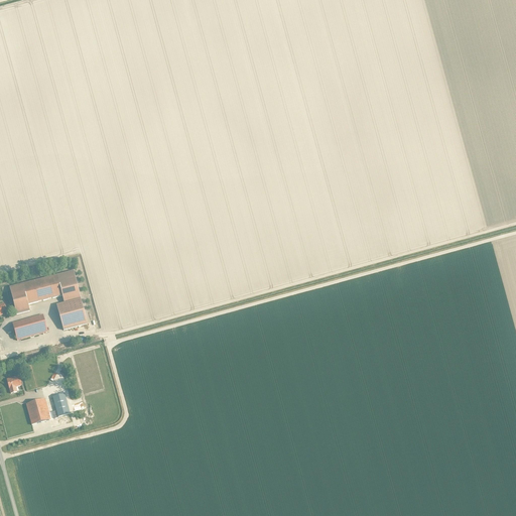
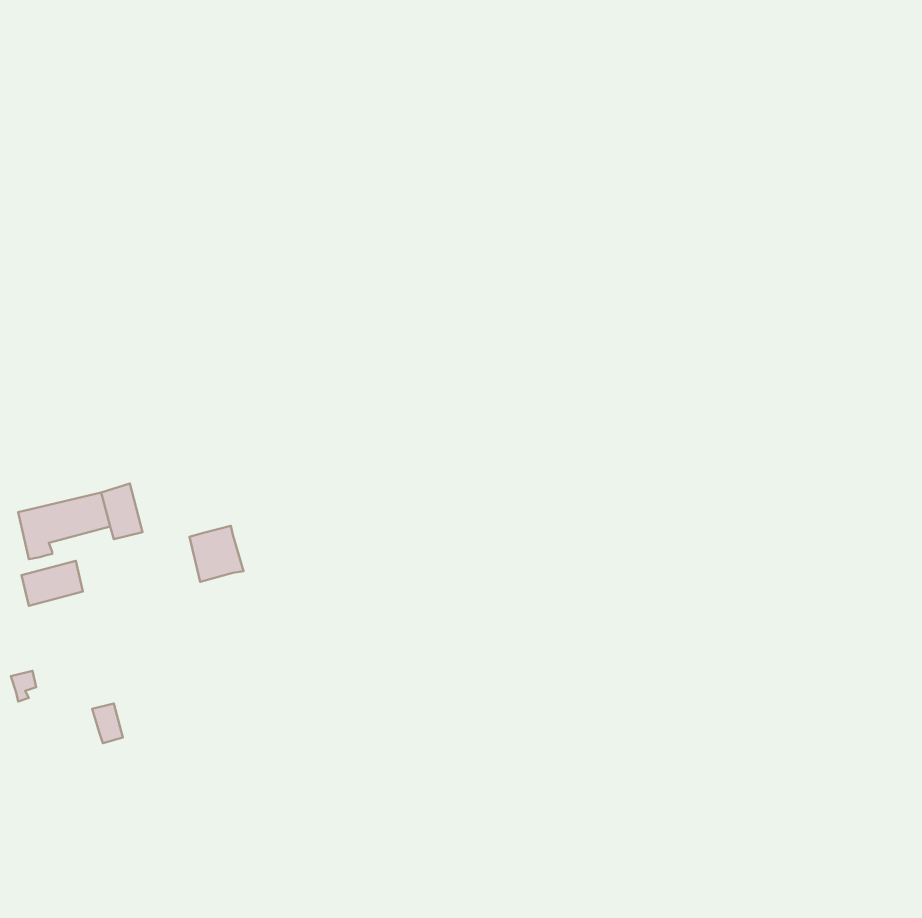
building: [56,297,87,329] -> [189,526,244,582]
building: [25,398,49,423] -> none

